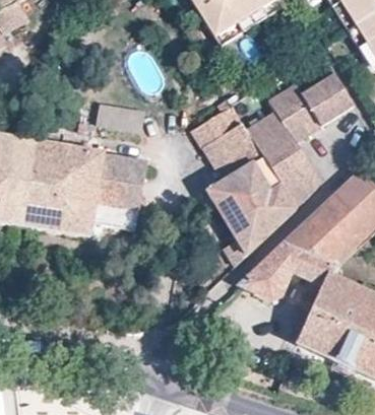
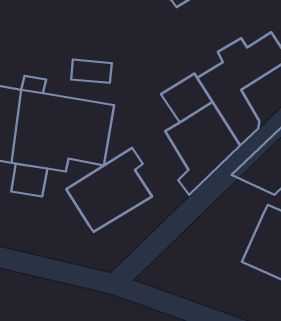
building: [191,98,241,145] -> none
building: none -> [66,148,152,232]
building: none -> [11,164,48,197]
building: [239,240,335,299] -> none

